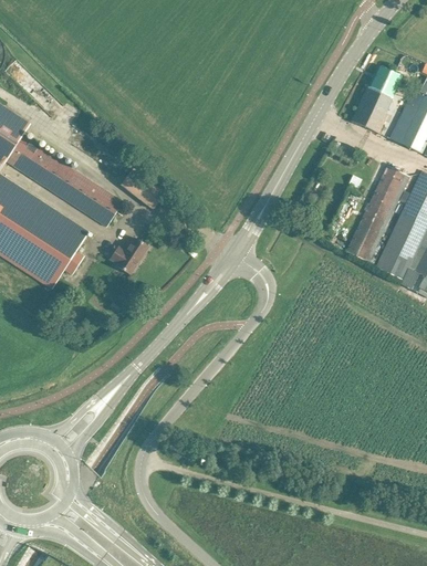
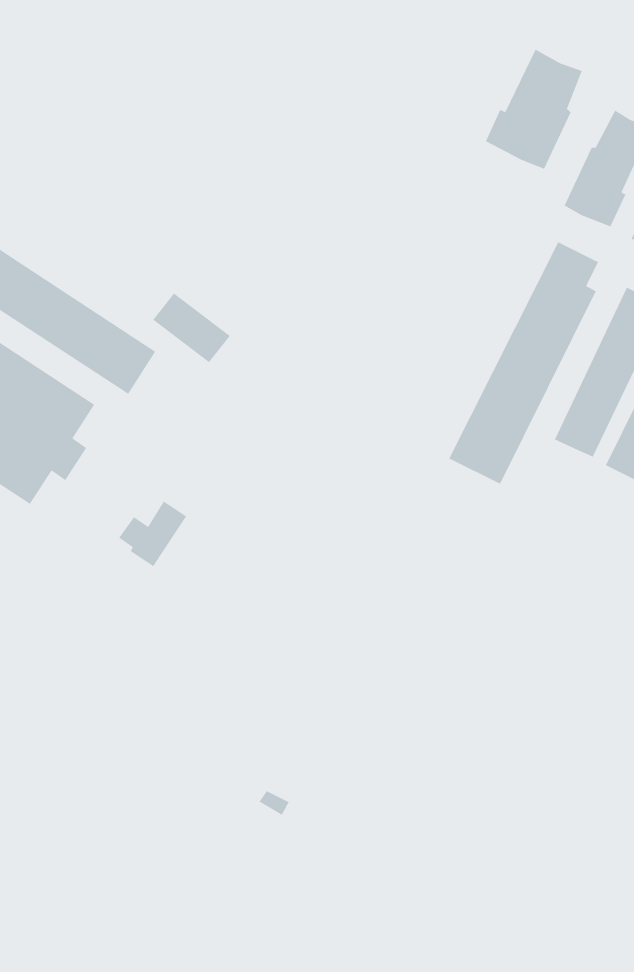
building: none -> [485,49,583,170]
building: none -> [448,241,600,485]
building: [110,238,148,275] -> [118,500,187,567]

